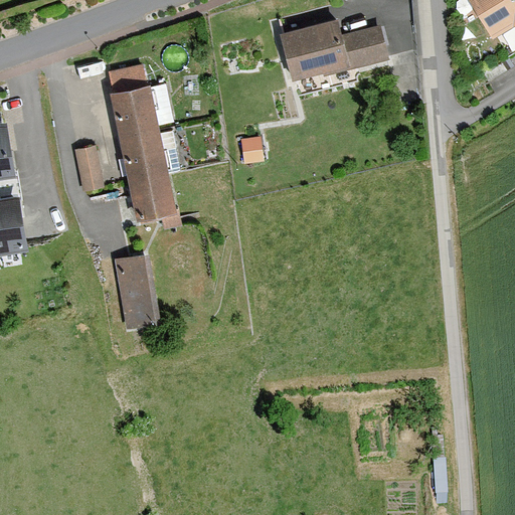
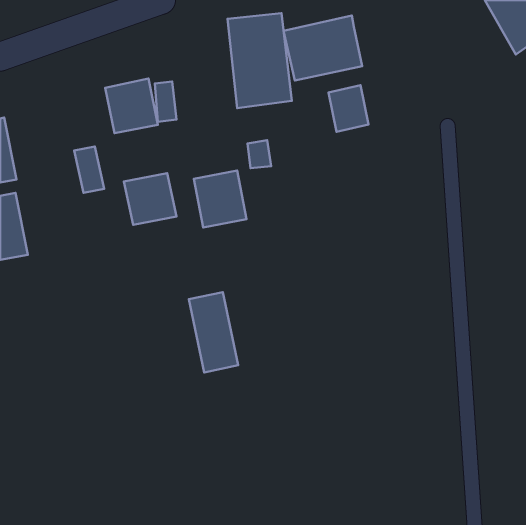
building: none -> [227,13,292,108]
building: [346,21,385,66] -> [328,85,369,132]
building: [113,124,164,179] -> [194,171,247,227]
building: [116,252,164,331] -> [189,292,238,372]

